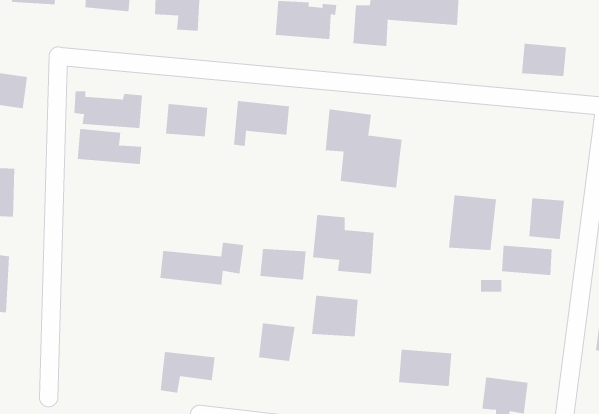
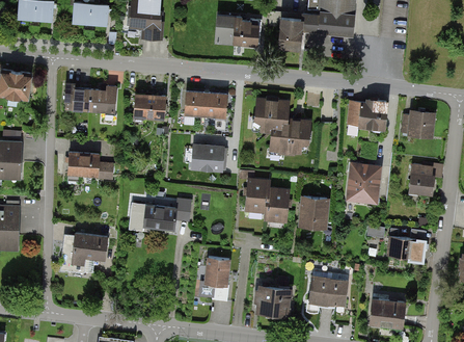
building: [521,43,567,76] -> [401,110,435,135]
building: none -> [352,98,388,129]
building: [77,128,142,165] -> [64,153,113,180]
building: none -> [299,195,329,228]
building: [501,245,553,276] -> [387,238,426,261]
building: [259,248,307,280] -> [189,144,224,168]
building: [311,295,358,337] -> [254,286,290,317]
building: [160,352,215,393] -> [69,236,110,267]

